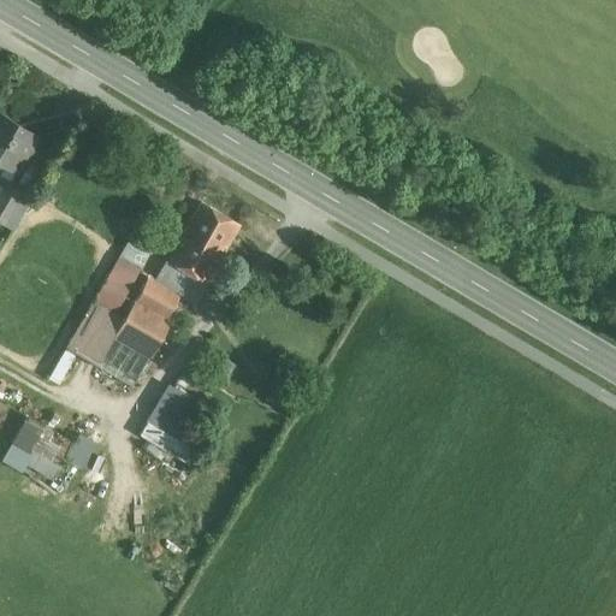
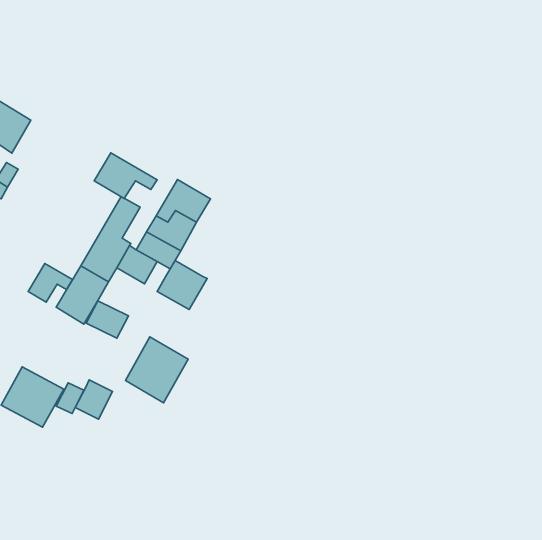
building: none -> [94,153,157,198]
building: none -> [28,263,73,302]
building: [112,307,168,362] -> [157,261,207,309]
building: none -> [75,380,113,419]

